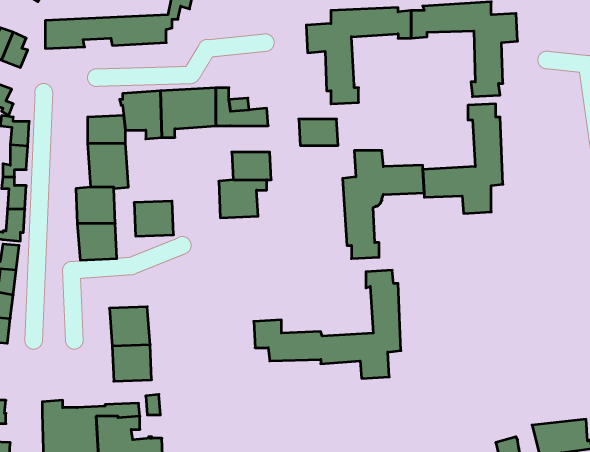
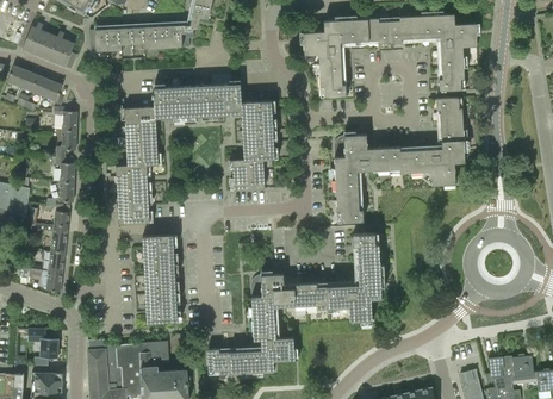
building: [299,119,338,145] -> [242,116,274,137]
building: [134,201,174,236] -> [142,236,174,264]
building: none -> [207,297,294,375]

